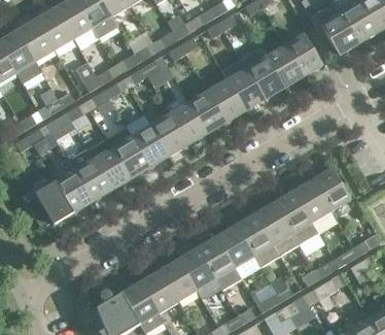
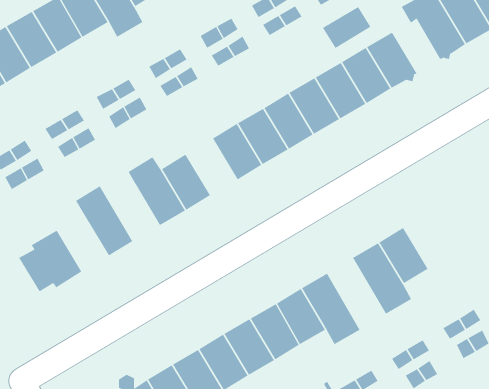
building: none -> [322,6,371,49]
building: [150,113,188,156] -> none
building: [93,147,131,190] -> none
building: [312,168,350,210] -> none
building: [55,170,93,212] -> none
building: [255,202,299,256] -> none

